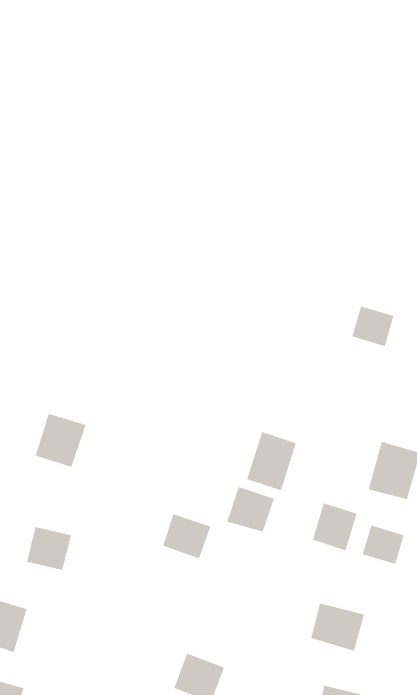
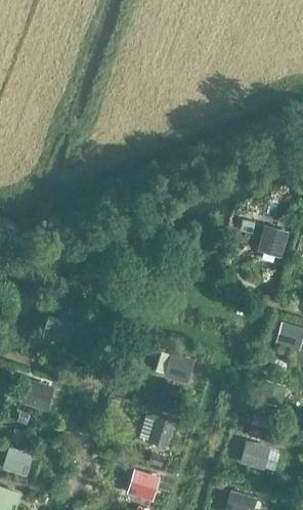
building: [246,431,297,491] -> none
building: [312,502,357,551] -> none
building: [163,513,211,559] -> [149,418,183,450]

